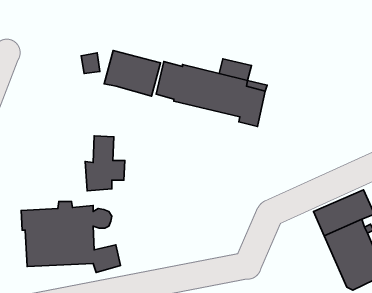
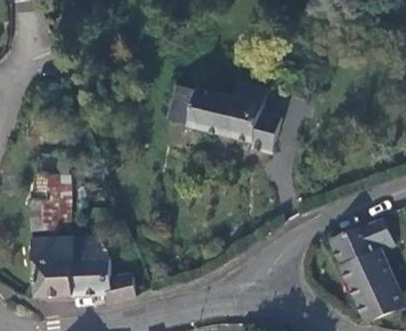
building: [104,50,161,96] -> none
building: [85,136,125,191] -> [30,173,70,229]

